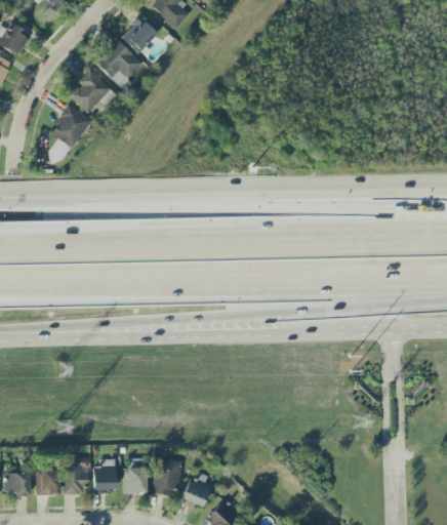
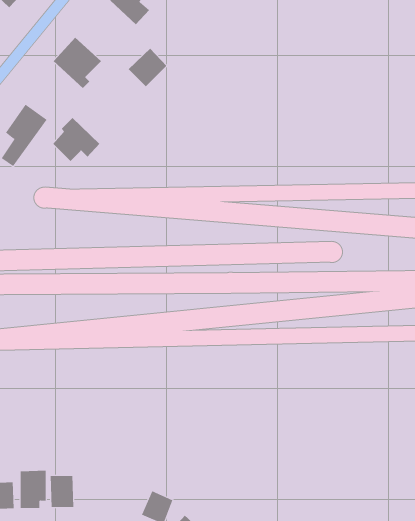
building: [120,15,158,53] -> [128,48,167,87]
building: [70,70,116,113] -> [52,117,100,162]
building: [153,459,179,495] -> none
building: [123,467,147,493] -> none

